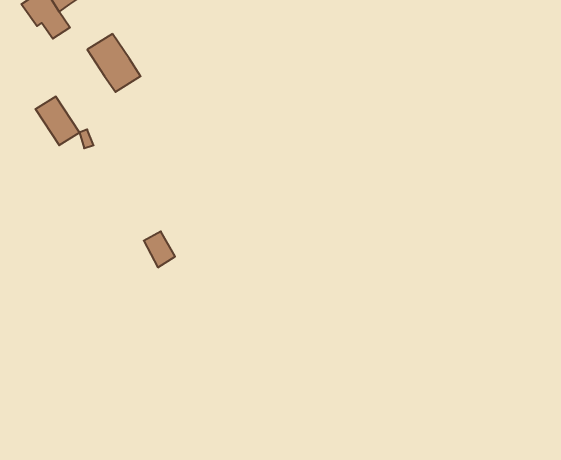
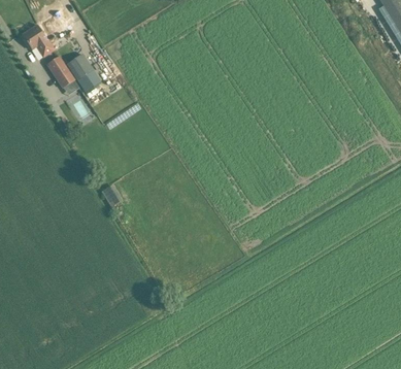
building: [35,97,79,145] -> [45,57,74,89]

